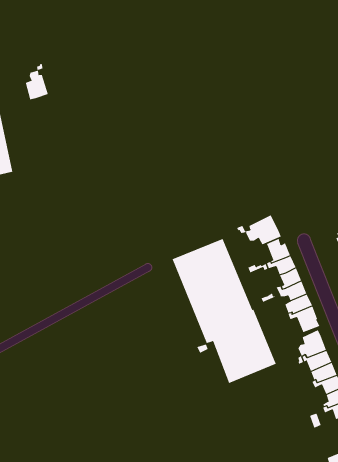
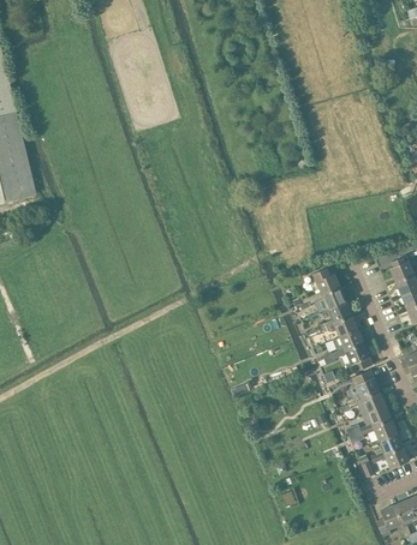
building: [25,63,49,100] -> none
building: [236,214,282,245] -> none
building: [172,238,277,384] -> none

